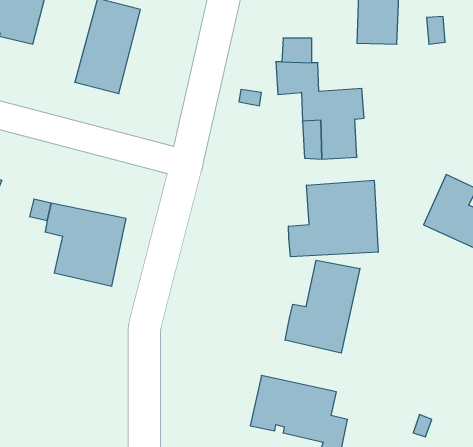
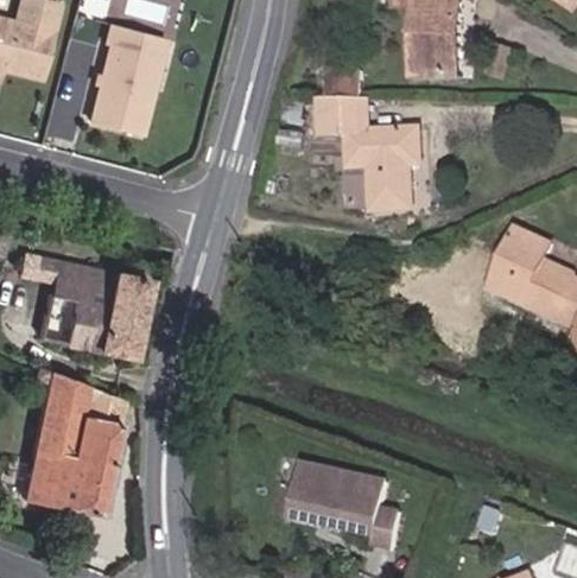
building: [289,180,378,257] -> none
building: [285,260,360,353] -> none
building: none -> [21,366,122,515]

